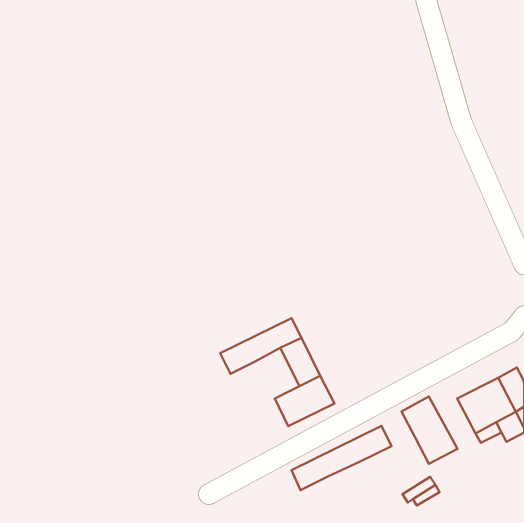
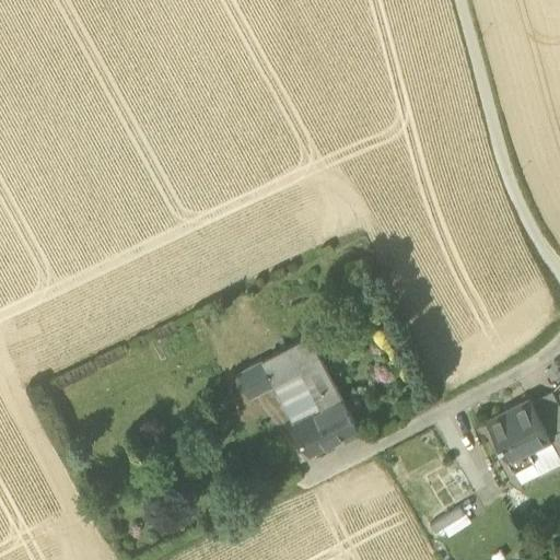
building: none -> [271,373,318,427]
building: [401,396,457,464] -> none
building: [292,426,392,490] -> none

